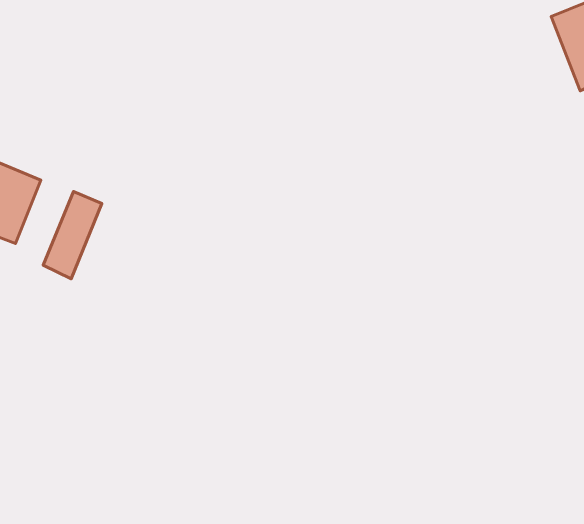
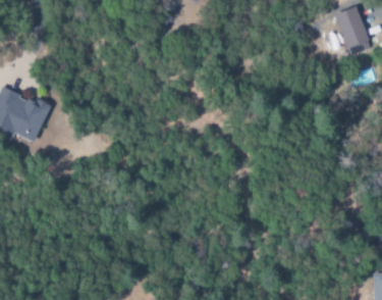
building: [43,192,102,279] -> none

